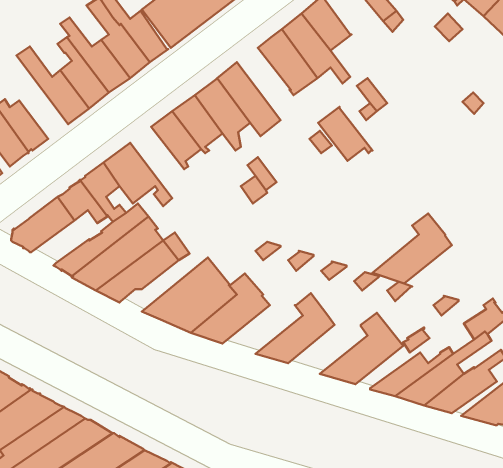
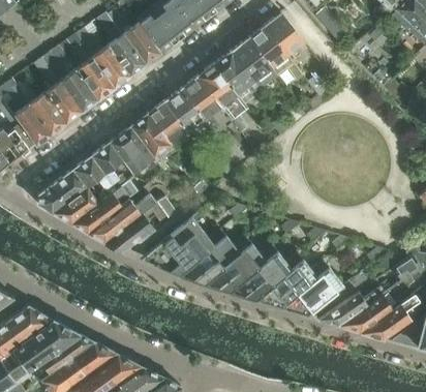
building: none -> [34,58,82,123]
building: [318,107,372,161] -> [214,51,256,93]
building: none -> [130,114,173,170]
building: [373,214,452,283] -> [254,252,316,307]
building: none -> [53,187,98,222]
building: none -> [203,236,266,292]

